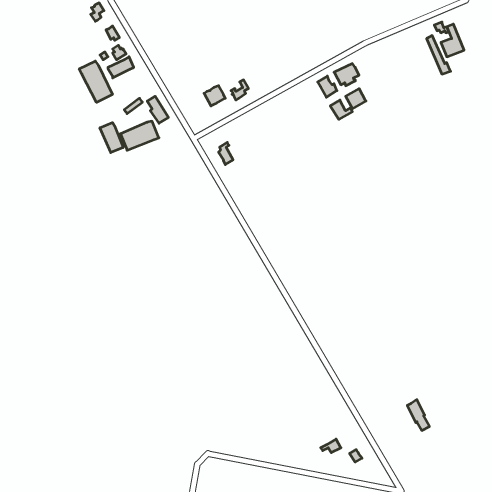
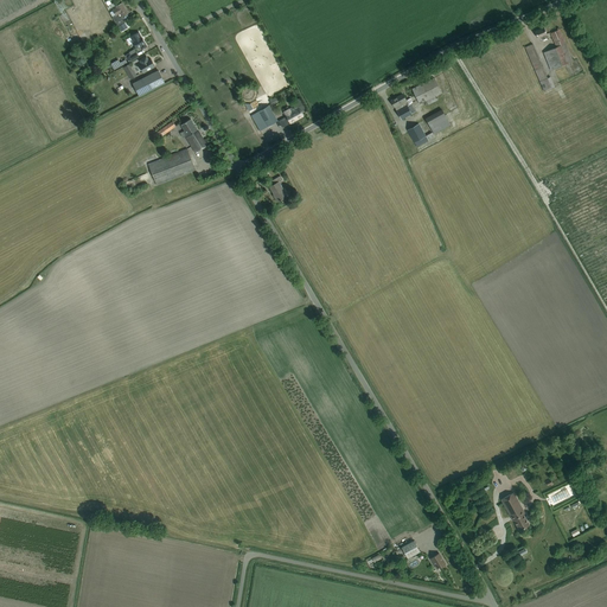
building: [79,61,112,102] -> none
building: [100,123,123,153] -> none

